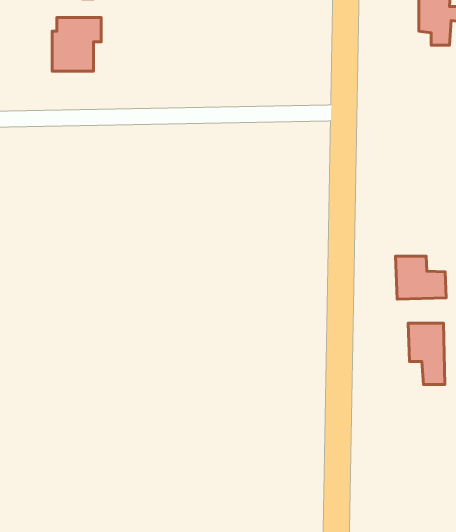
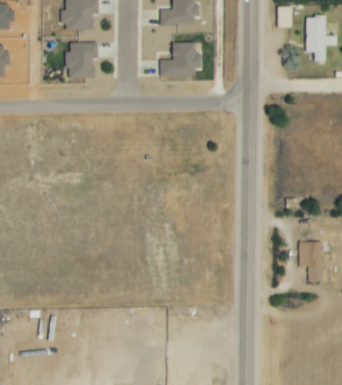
building: none -> [160,42,201,76]
building: [396,256,446,299] -> none

